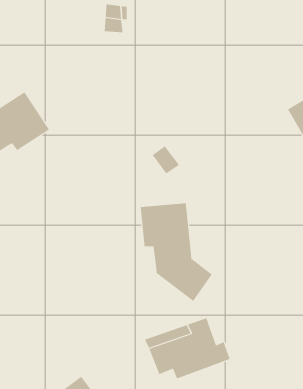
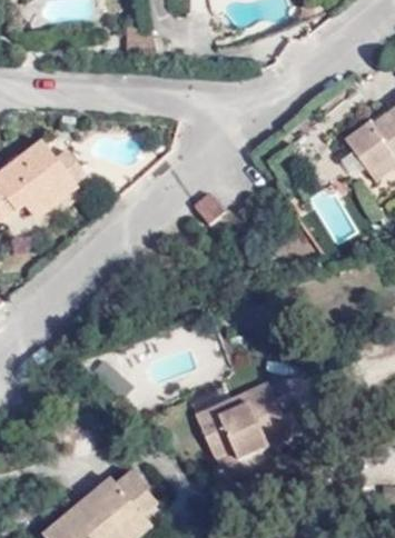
building: [140,203,213,302] -> none

